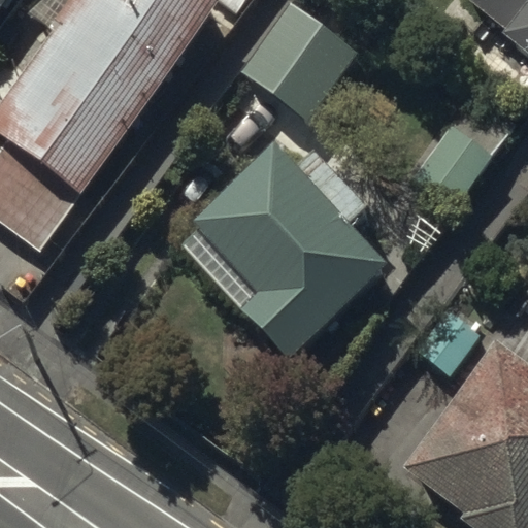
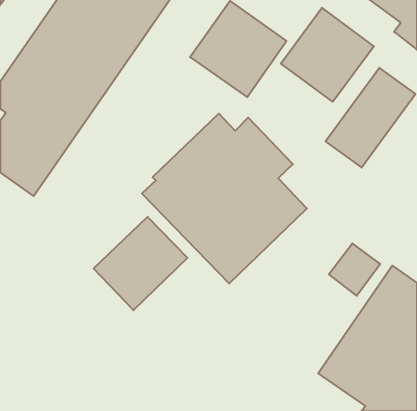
building: none -> [281,8,374,102]
building: none -> [94,217,187,310]

